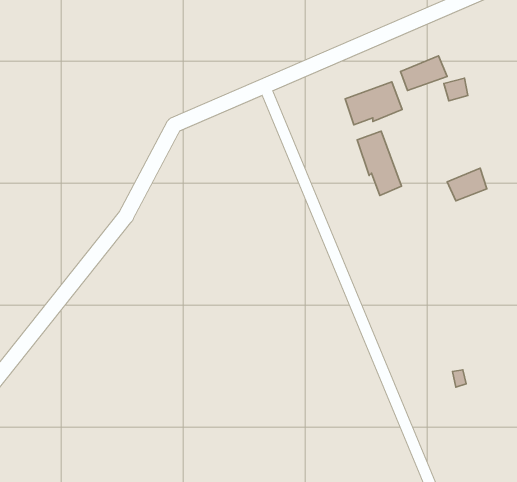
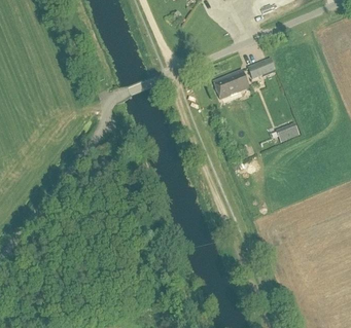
building: [357,131,402,195] -> none

